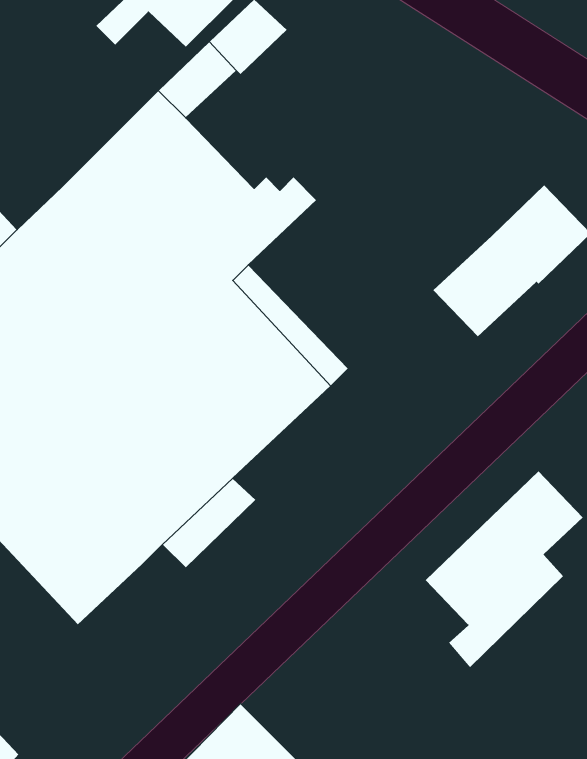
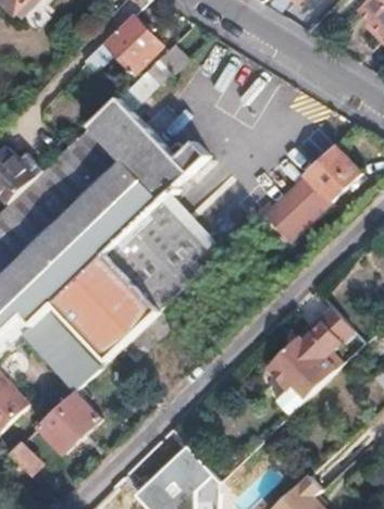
building: none -> [39,393,99,451]

